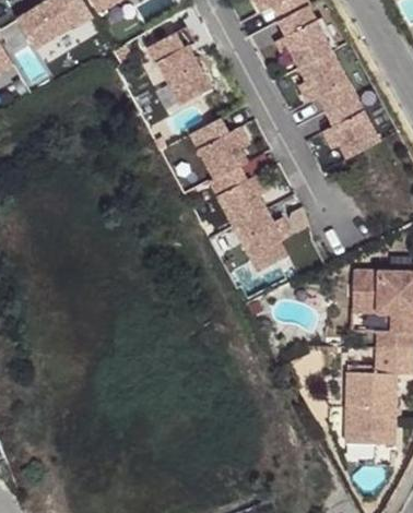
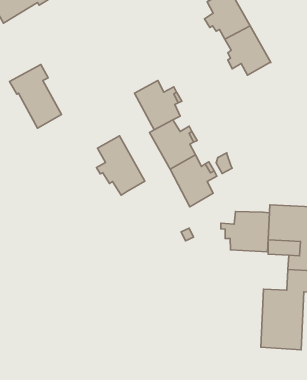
building: [146,26,210,104] -> [10,64,62,128]
building: [323,96,379,158] -> none
building: none -> [96,136,145,195]
building: none -> [221,211,269,252]

